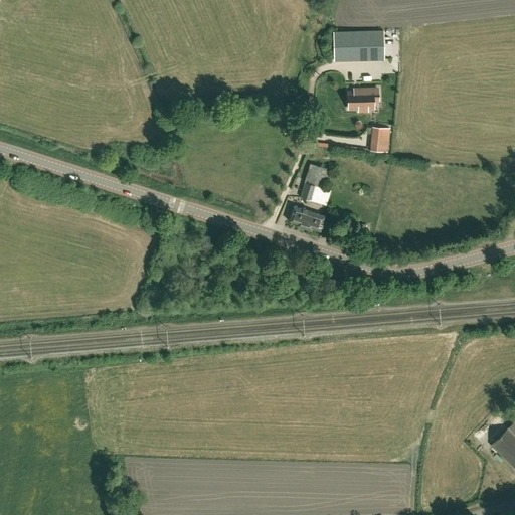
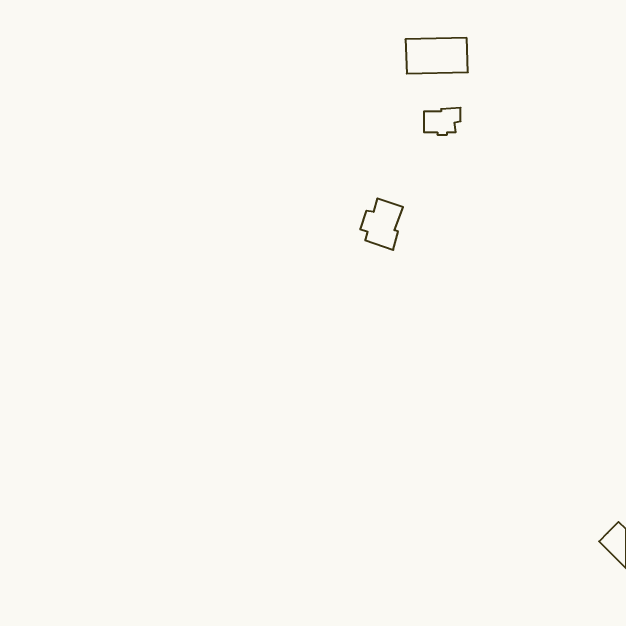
building: [373,127,390,151] -> none
building: [289,206,325,231] -> none

